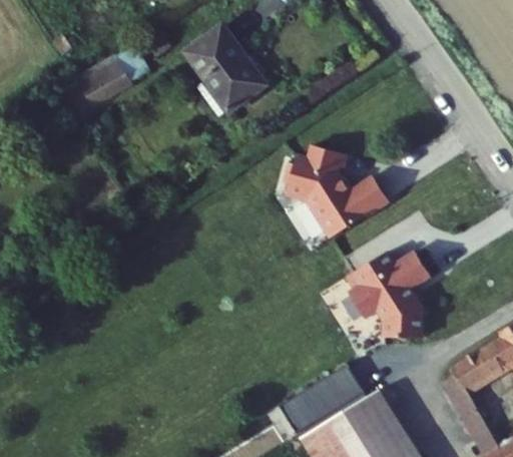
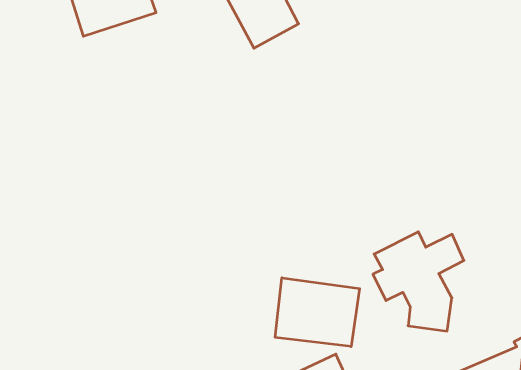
building: [293,144,395,237] -> none
building: none -> [275,278,360,347]

